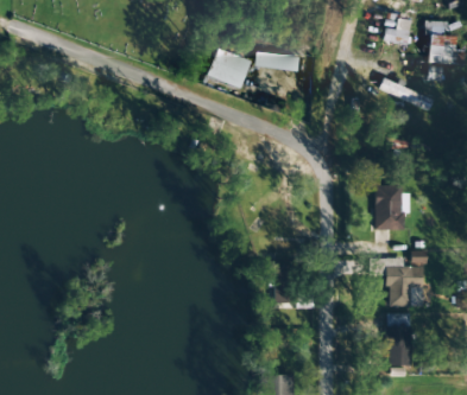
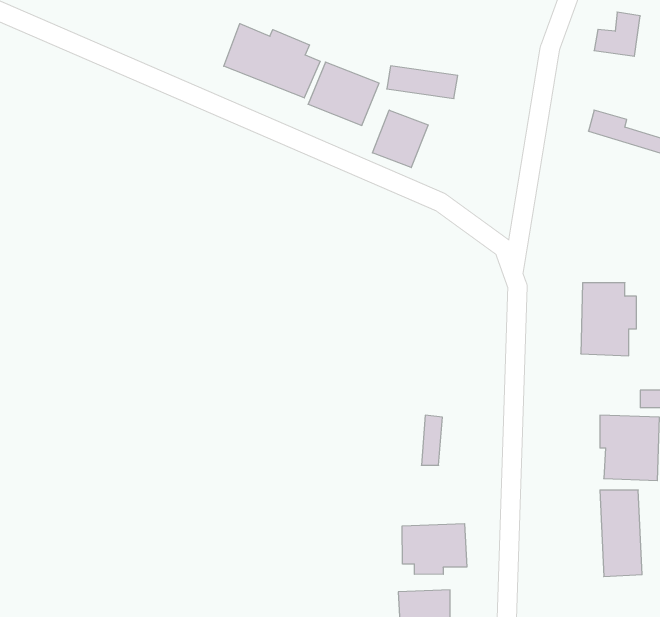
building: none -> [224,24,320,98]
building: none -> [372,110,428,168]
building: none -> [402,524,467,574]

